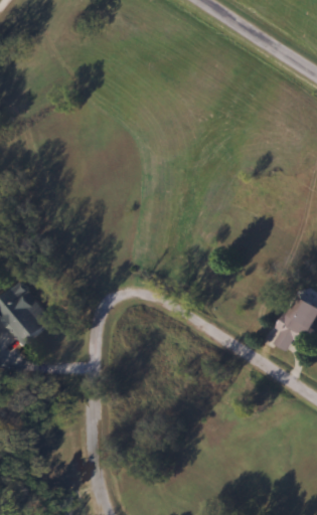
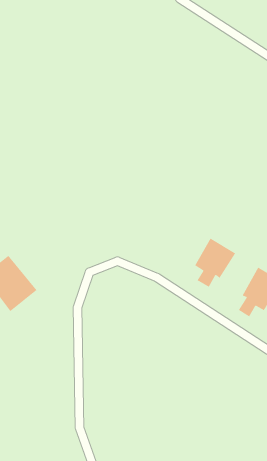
building: none -> [194,238,236,288]

